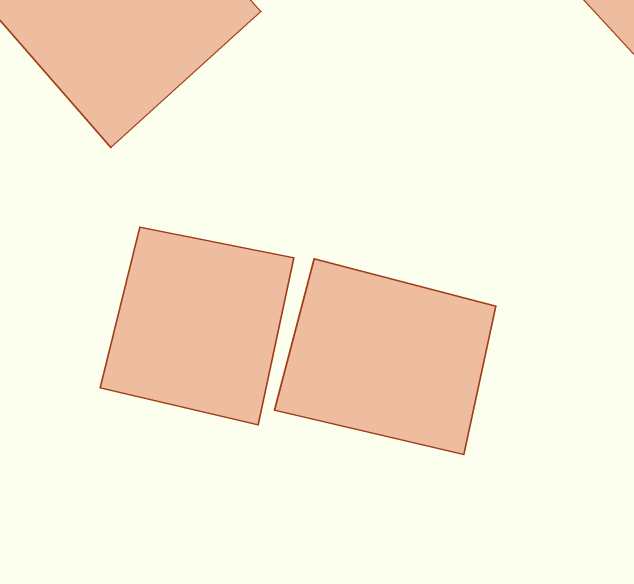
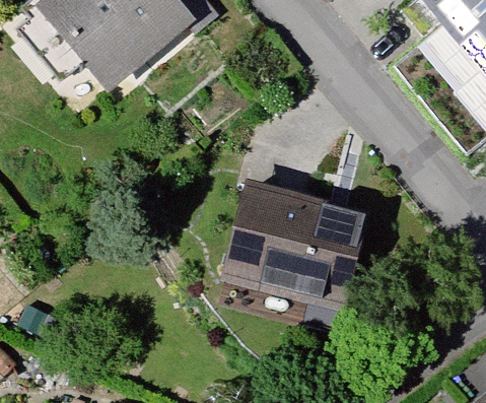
building: [100,227,294,425] -> none

